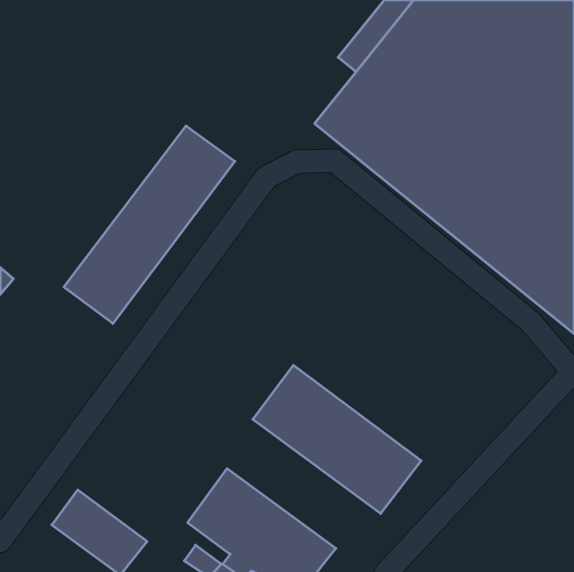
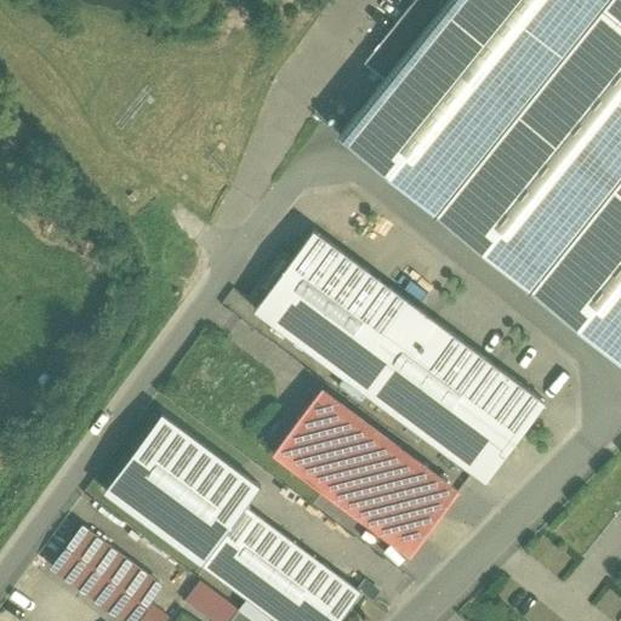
building: [64,126,235,324] -> none
building: none -> [255,230,546,484]
building: none -> [104,416,260,566]

